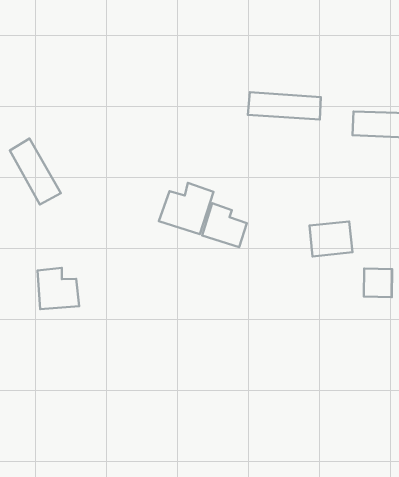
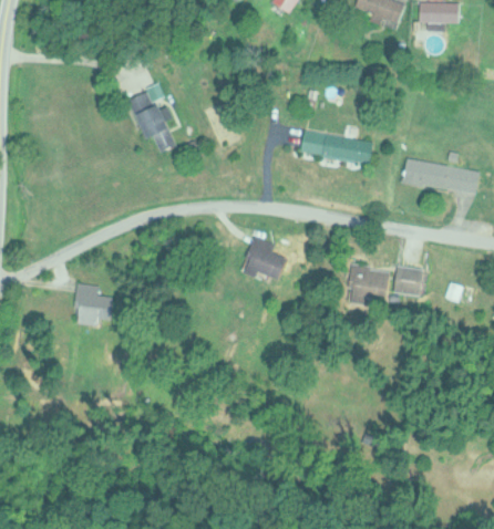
building: [10,138,61,204] -> [130,89,176,155]
building: [159,183,213,234] -> none
building: [364,269,392,297] -> [393,266,424,297]

